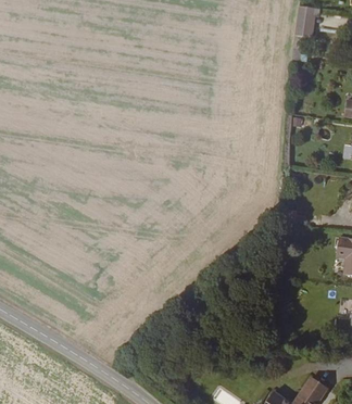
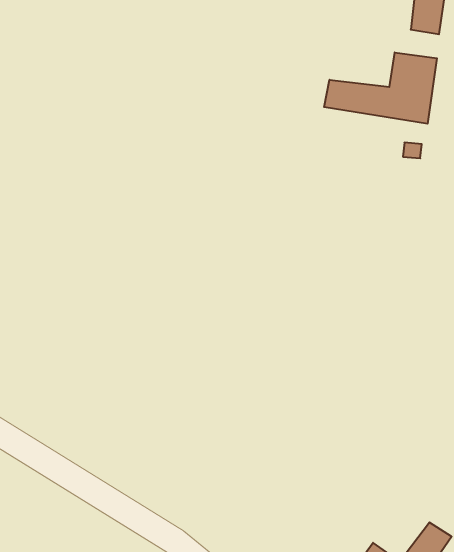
building: none -> [324,52,437,124]

